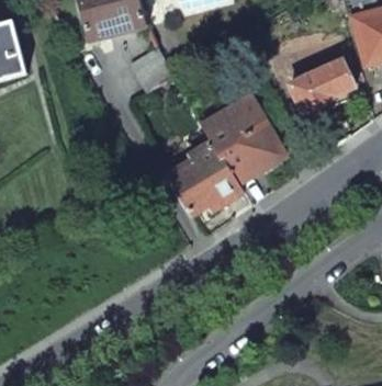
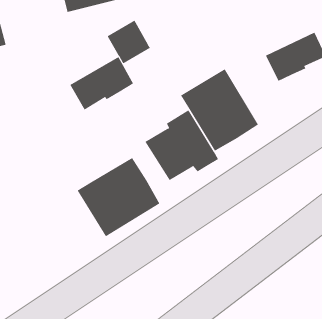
building: none -> [70,56,134,111]
building: none -> [77,157,160,237]

